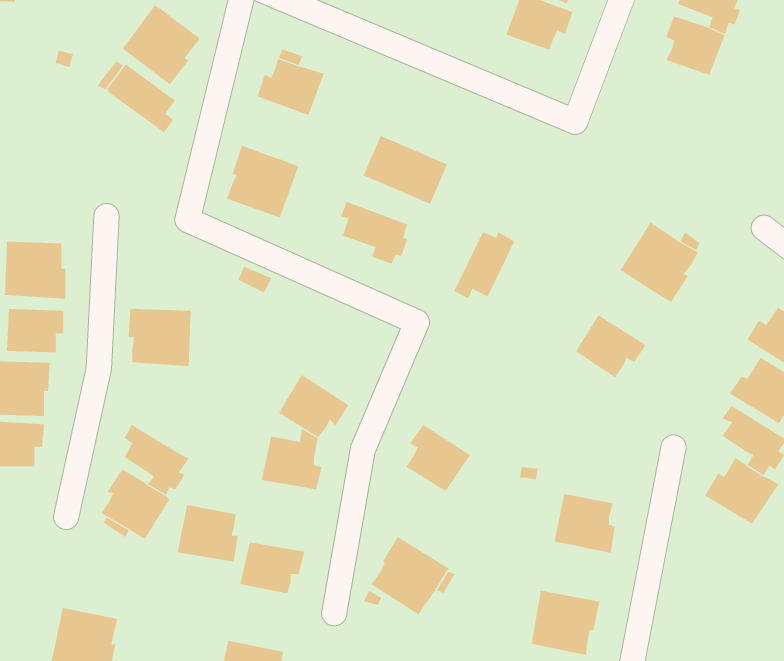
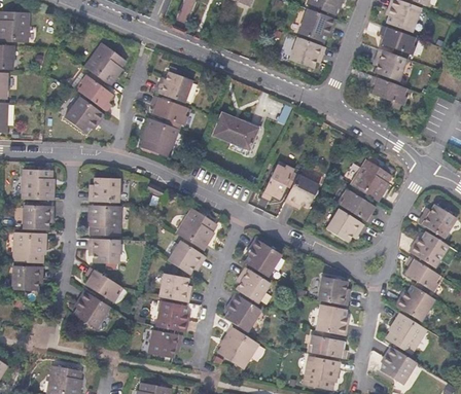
building: none -> [369,75,407,108]
building: none -> [64,96,104,133]
building: [340,201,408,265] -> [151,95,187,129]
building: none -> [284,174,319,210]
building: none -> [88,177,119,202]
building: none -> [340,185,375,223]
building: none -> [176,208,217,250]
building: none -> [88,238,120,262]
building: none -> [244,238,281,276]
building: none -> [317,276,349,305]
building: none -> [224,293,261,331]
building: [177,504,238,562] -> [155,300,188,331]
building: none -> [386,312,427,354]
building: none -> [310,329,347,358]
building: none -> [380,346,417,384]

